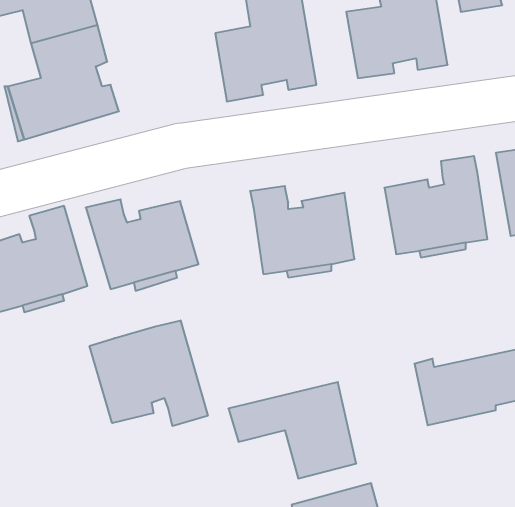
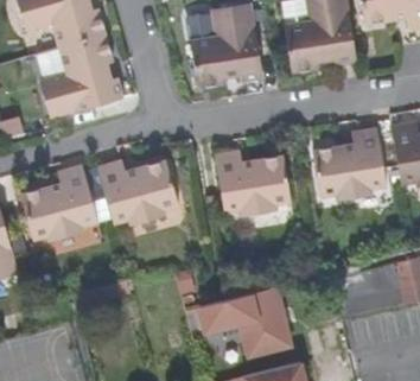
building: [90,320,208,426] -> none

